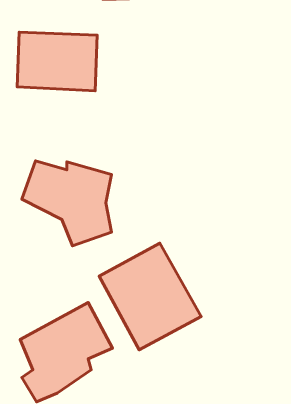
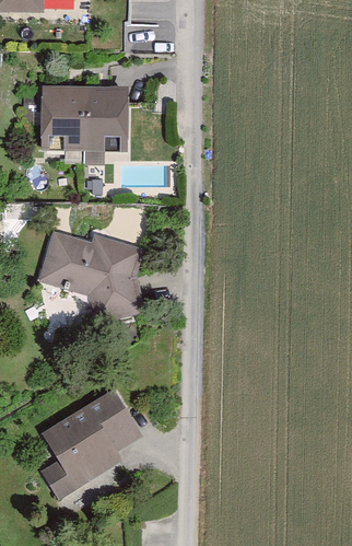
building: [99,243,201,350] -> none

